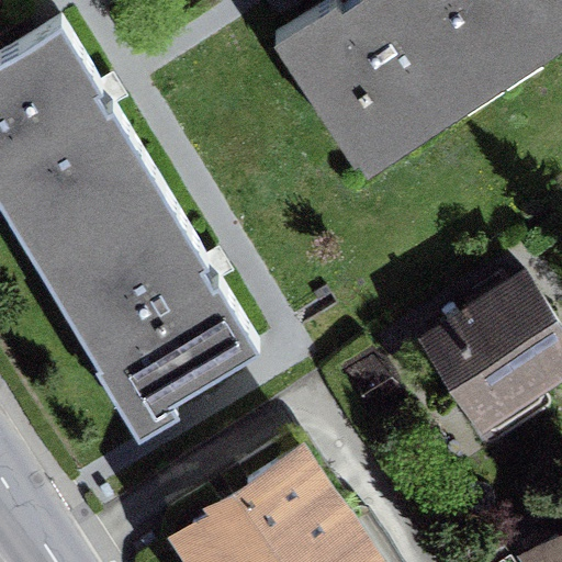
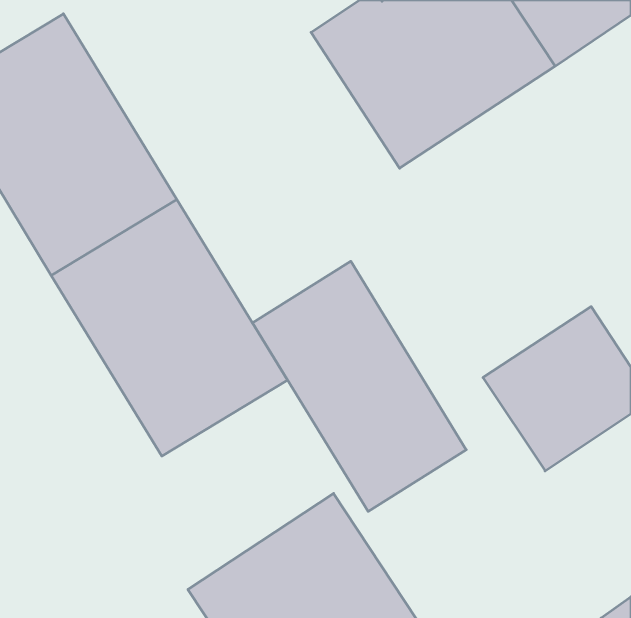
building: none -> [252,261,466,511]

